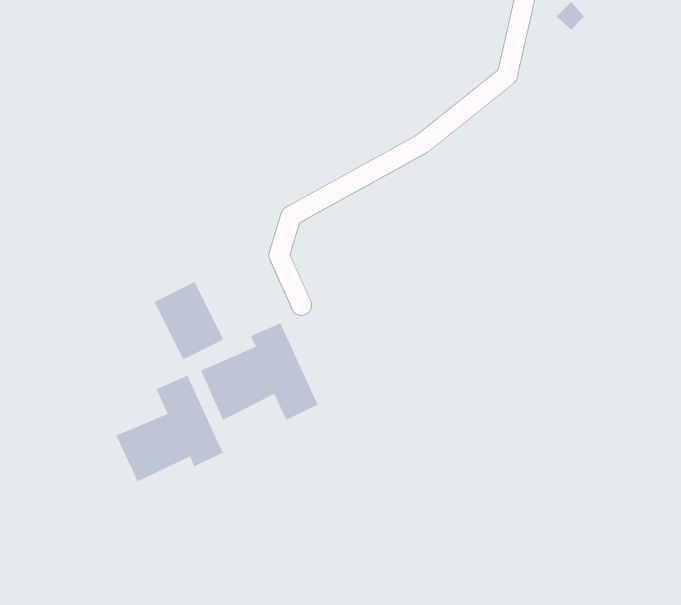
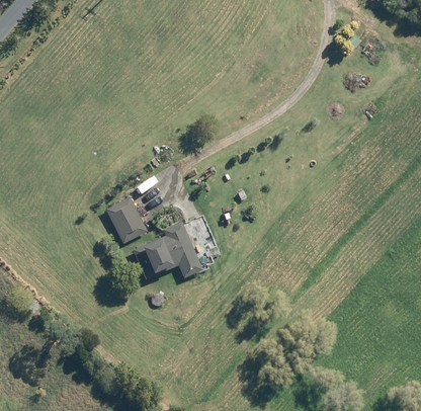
building: [116,375,223,482] -> none

